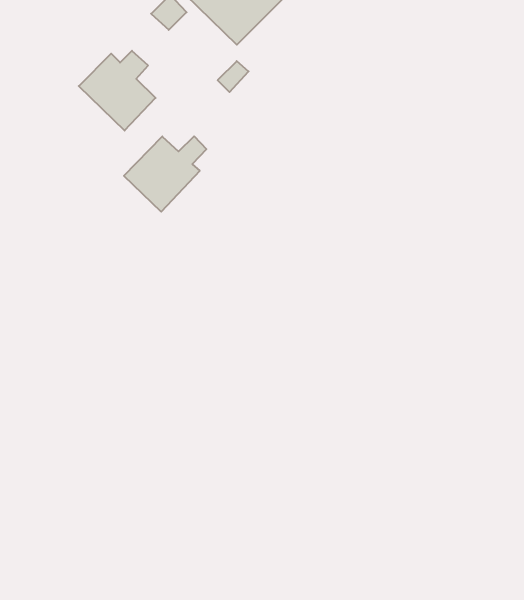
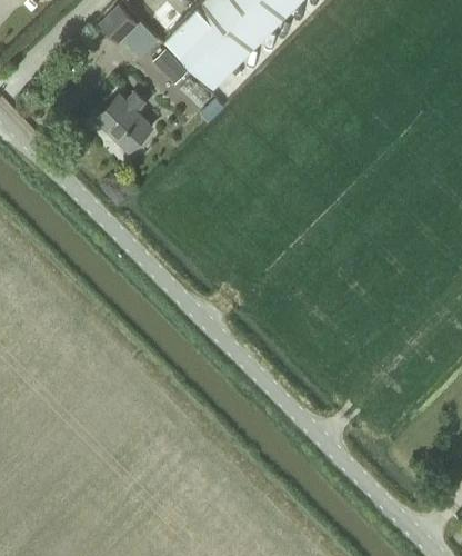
building: [124,136,206,212] -> none

